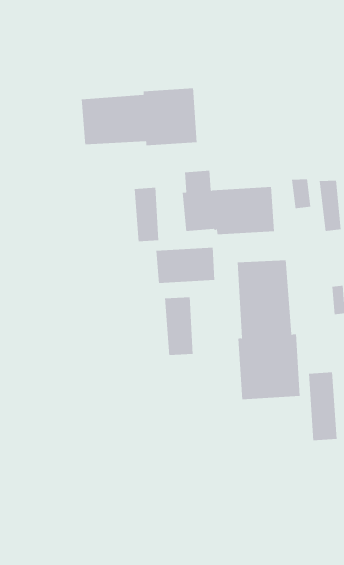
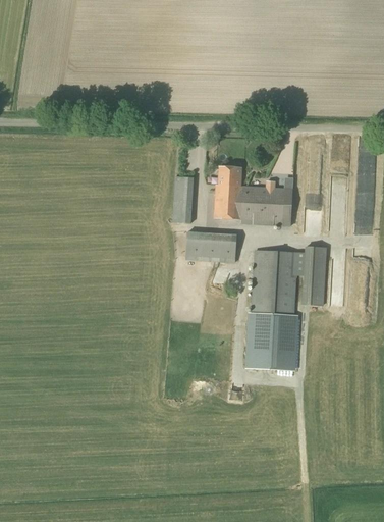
building: [81,88,197,146] -> none
building: [165,296,193,356] -> none
building: [308,372,337,441] -> [303,246,327,305]

